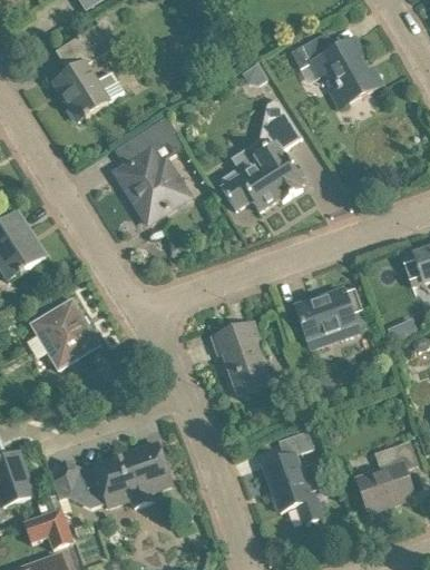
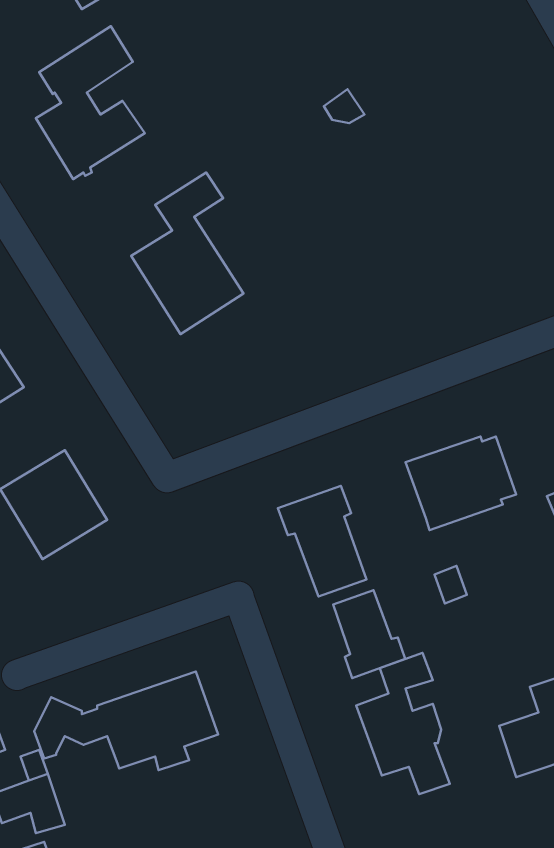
building: [291,32,382,108] -> none
building: [219,98,303,210] -> none
building: none -> [333,590,405,678]

